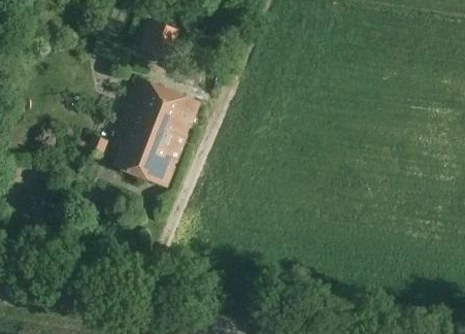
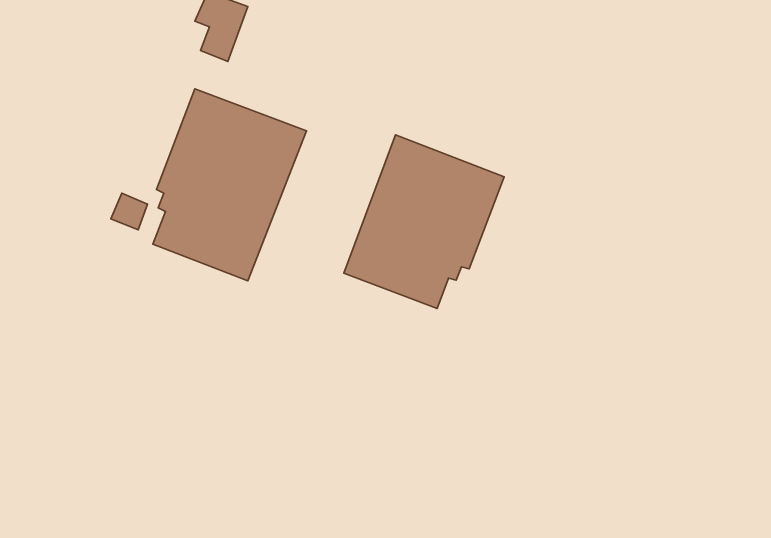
building: none -> [344,135,504,308]

